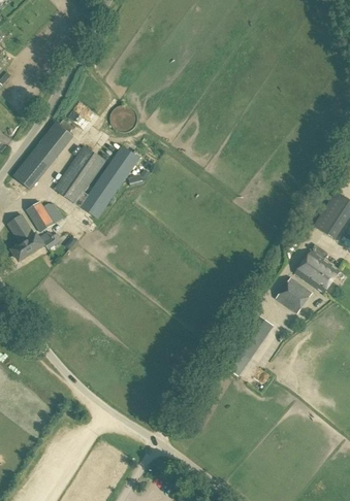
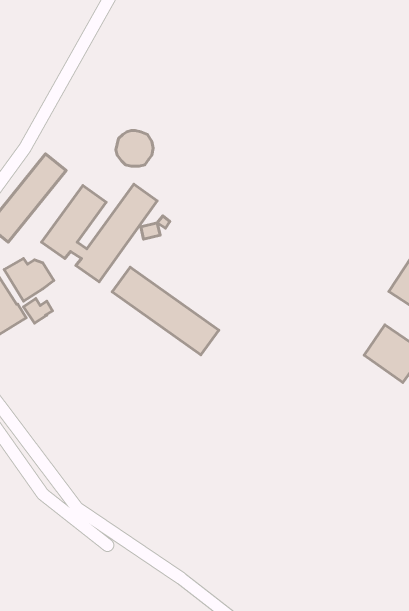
building: none -> [112,267,219,355]
building: [277,278,313,314] -> none
building: [221,313,273,376] -> none

